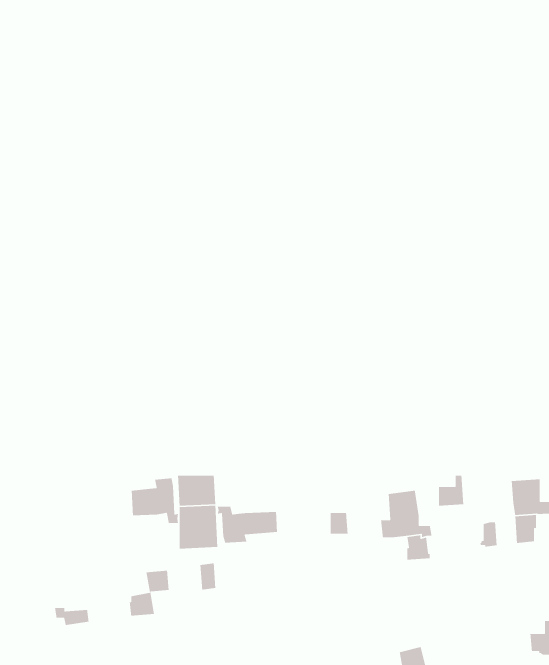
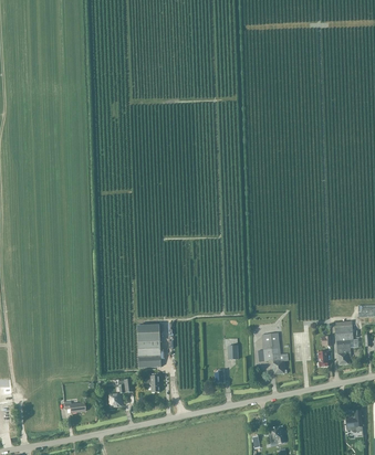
building: [131,478,179,524] -> none
building: [217,506,278,543] -> none

